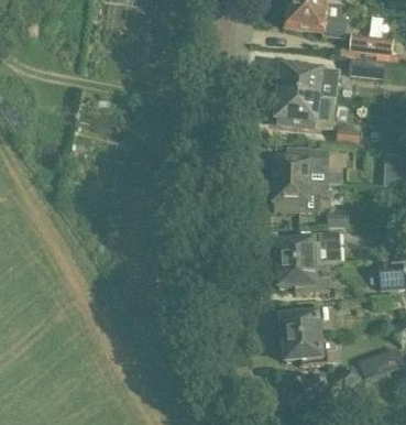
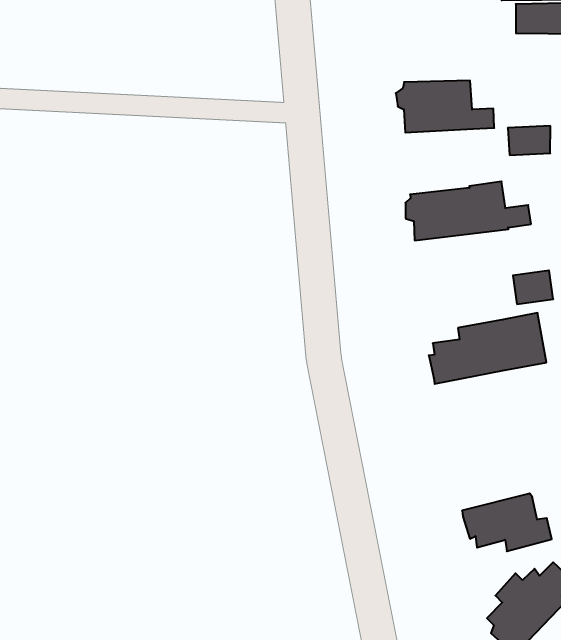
building: [279,63,336,96] -> none
building: [272,182,330,210] -> none
building: [276,262,330,291] -> none
building: [281,305,326,338] -> none

